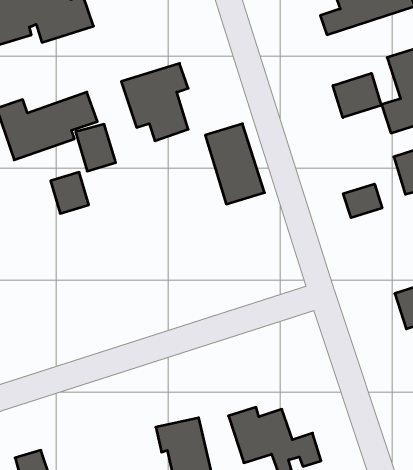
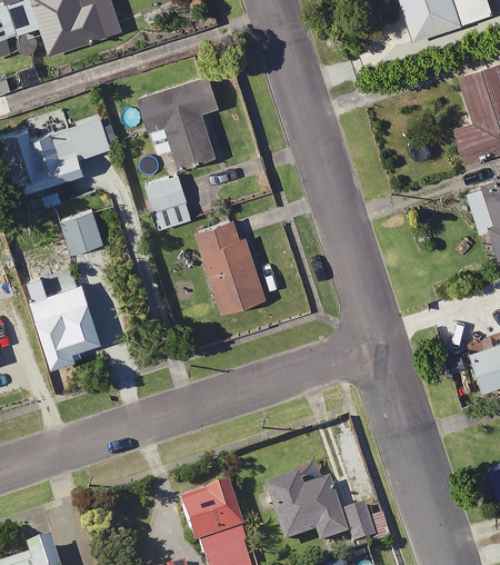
building: [333,73,381,118] -> none
building: [205,124,265,204] -> [201,221,270,315]
building: [76,124,116,171] -> [149,172,196,227]
building: [343,184,382,218] -> none
building: none -> [37,285,109,370]

